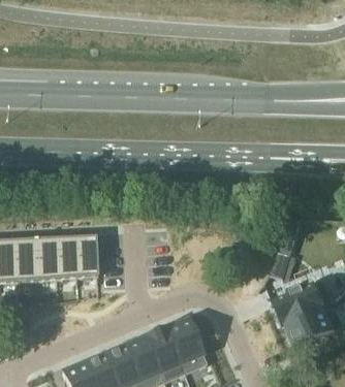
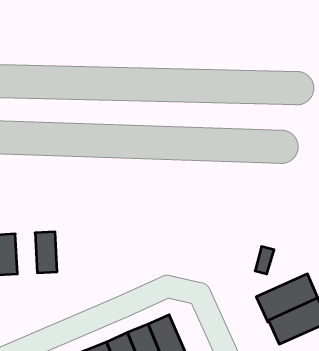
building: [73,235,96,277] -> none
building: [34,238,56,279] -> none

